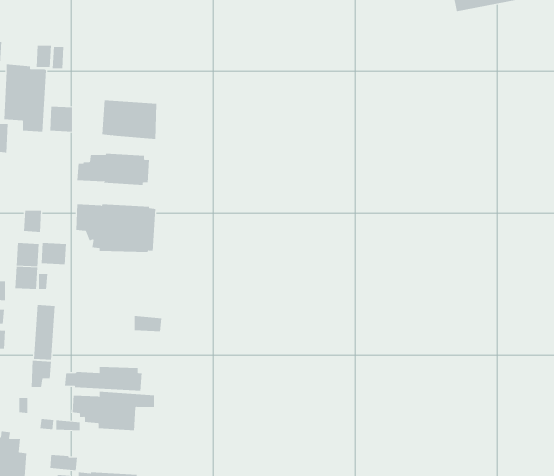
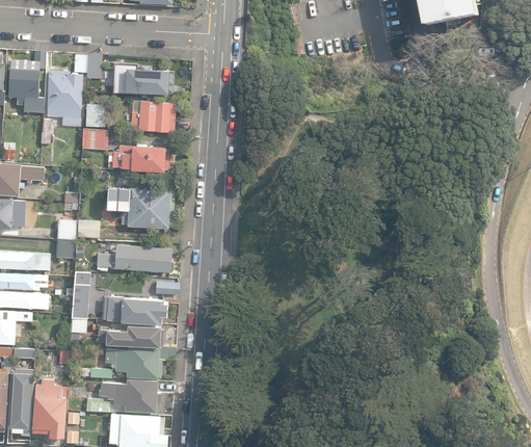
building: none -> [114,62,170,94]
building: none -> [81,129,108,151]
building: none -> [97,244,171,272]
building: none -> [103,296,167,323]
building: none -> [98,377,160,411]

